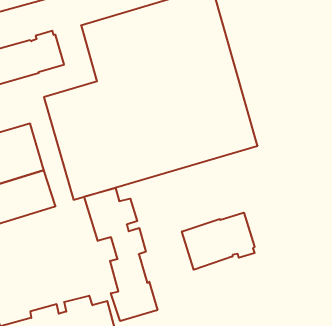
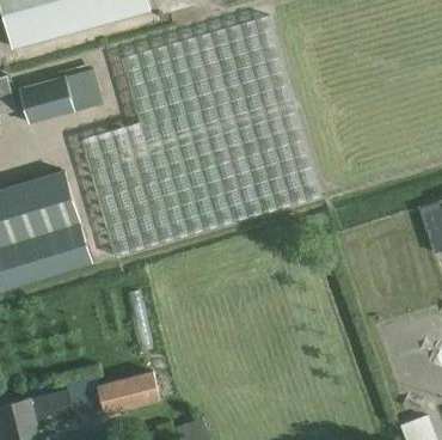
building: [84,188,157,321] -> none
building: [182,213,255,270] -> none

